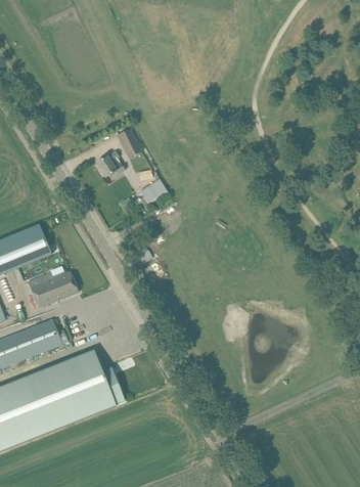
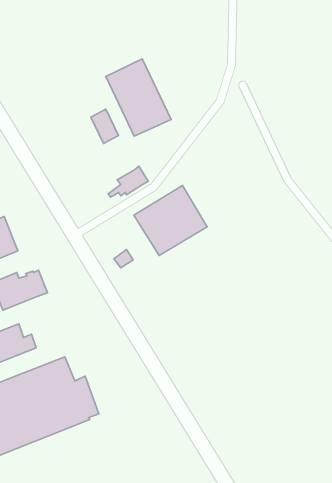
building: none -> [106,59,171,136]
building: [96,150,125,176] -> none
building: none -> [134,185,207,256]

